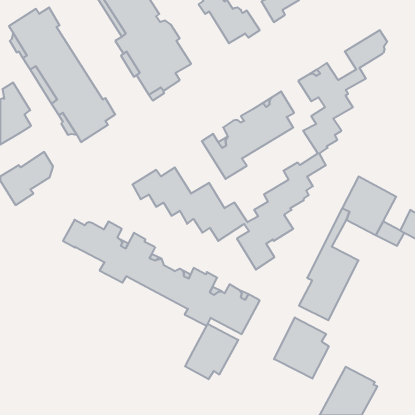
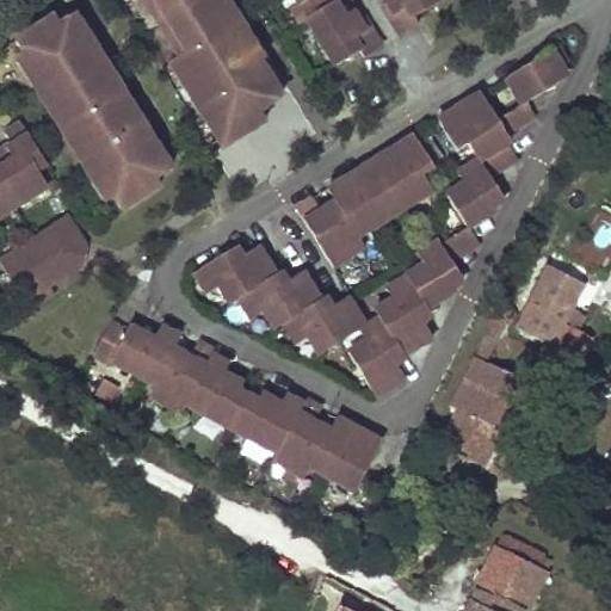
building: [274,317,329,379] -> none
building: [185,324,238,379] -> none

